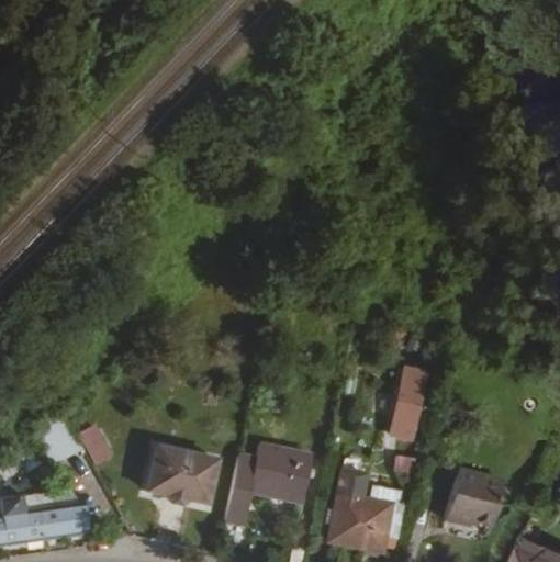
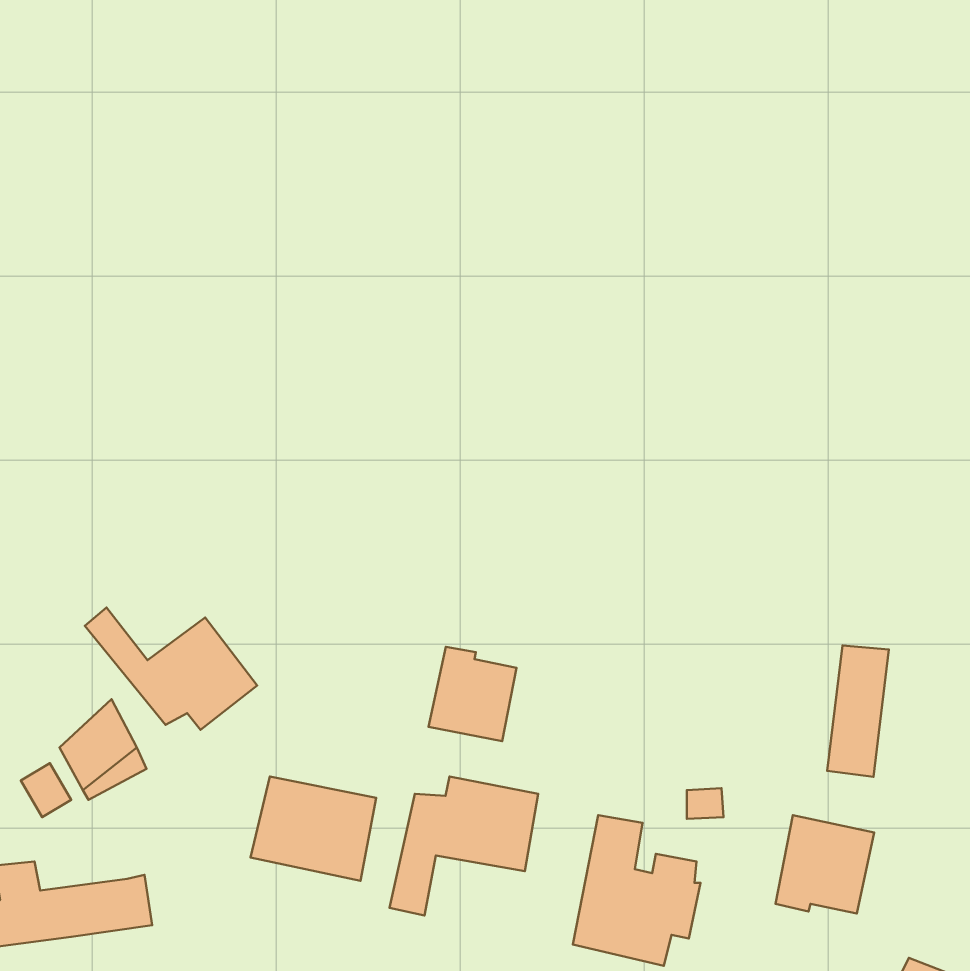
building: none -> [85,608,257,730]
building: [388,363,423,438] -> [827,646,889,777]
building: none -> [429,647,517,741]

